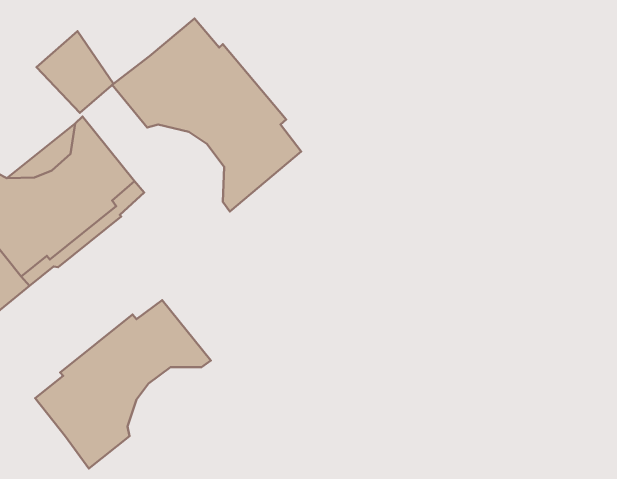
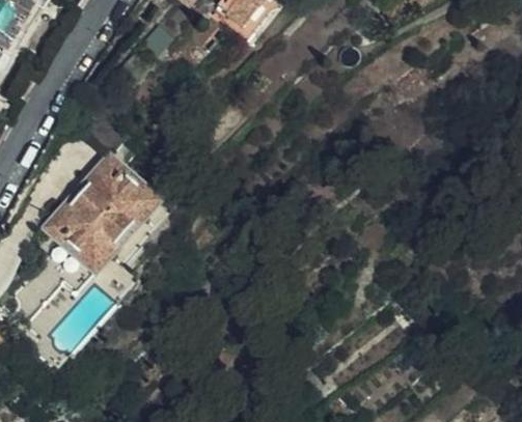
building: [112,19,301,211] -> none
building: [35,300,211,468] -> none

